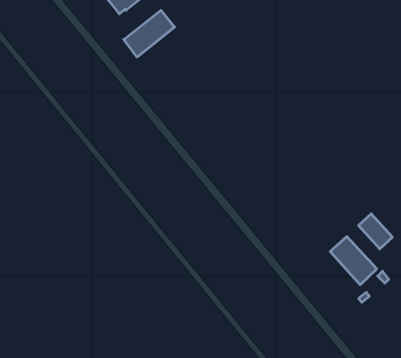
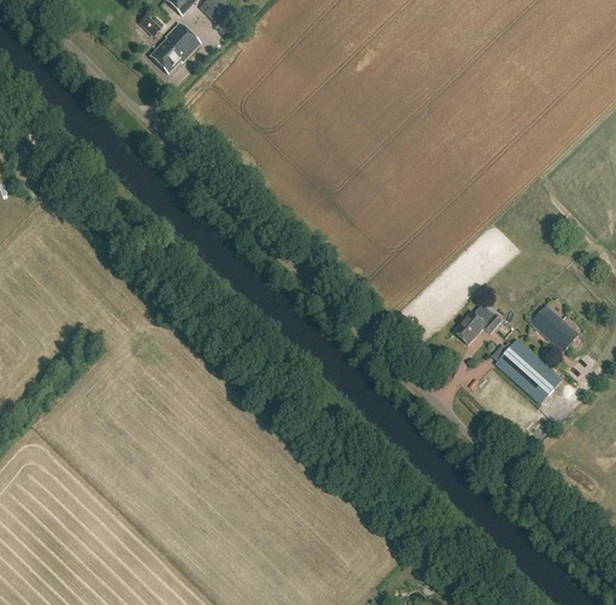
building: [124,10,175,57] -> none
building: none -> [454,310,503,344]

